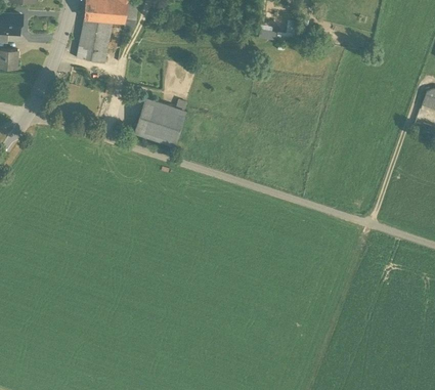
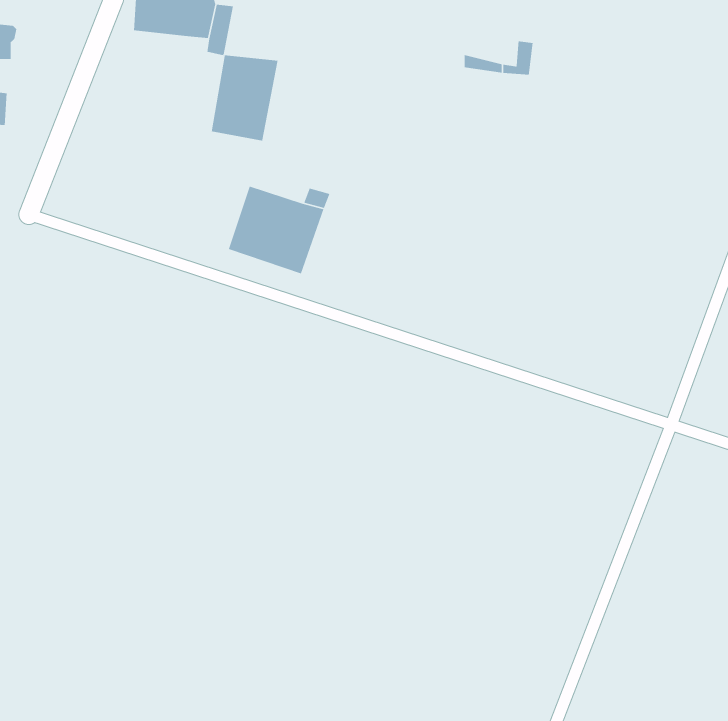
building: [77,17,113,63] -> [211,54,278,141]

